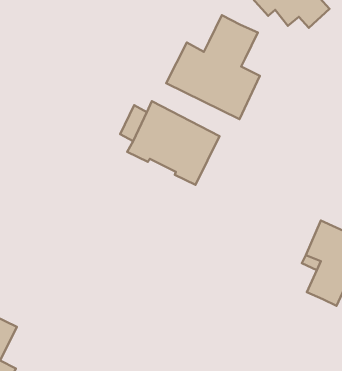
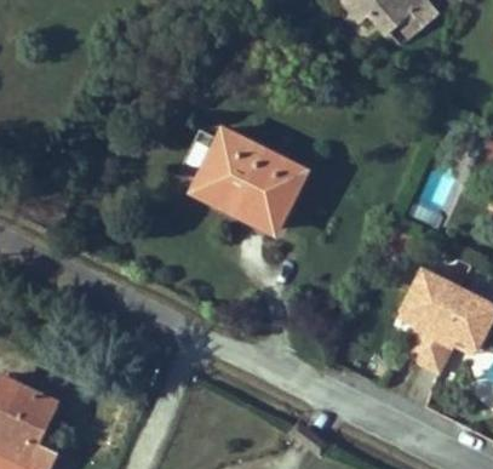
building: [166,15,260,119] -> none

